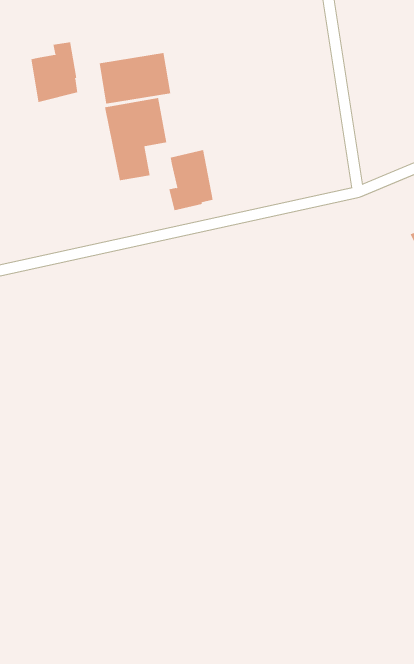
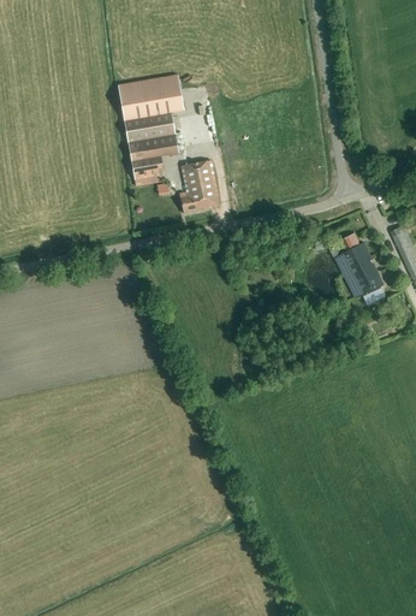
building: [31,41,78,103] -> none
building: none -> [335,233,384,300]

